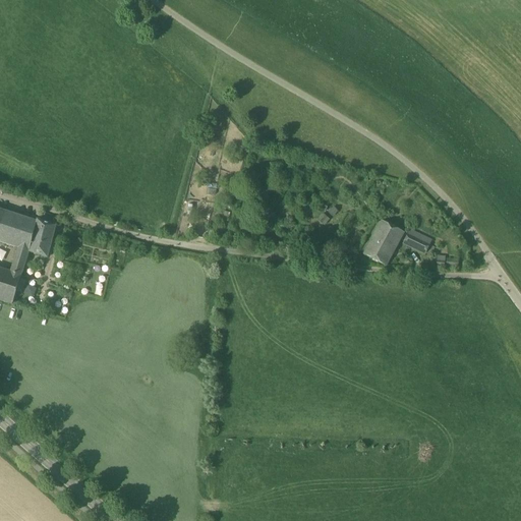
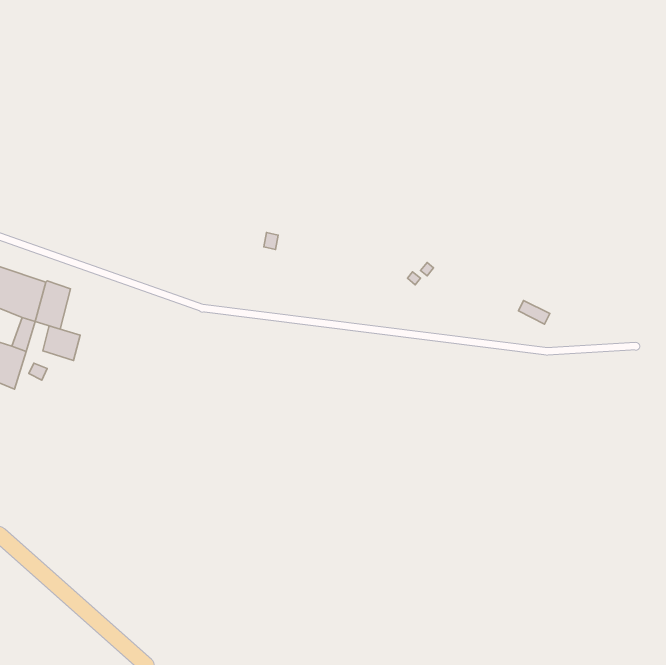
building: [362,220,403,265] -> none
building: none -> [43,326,80,361]

